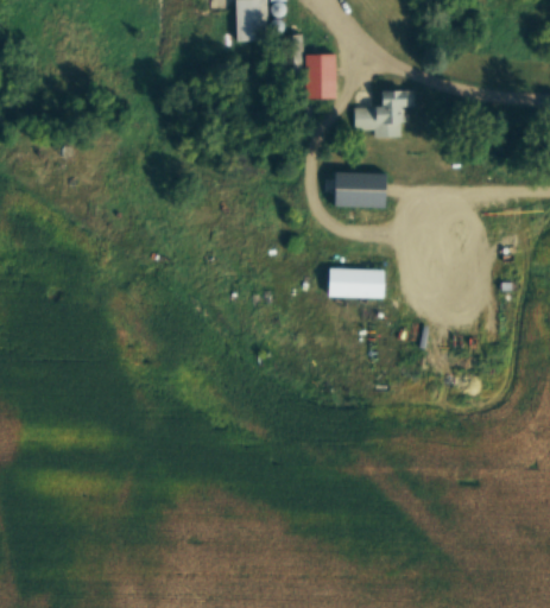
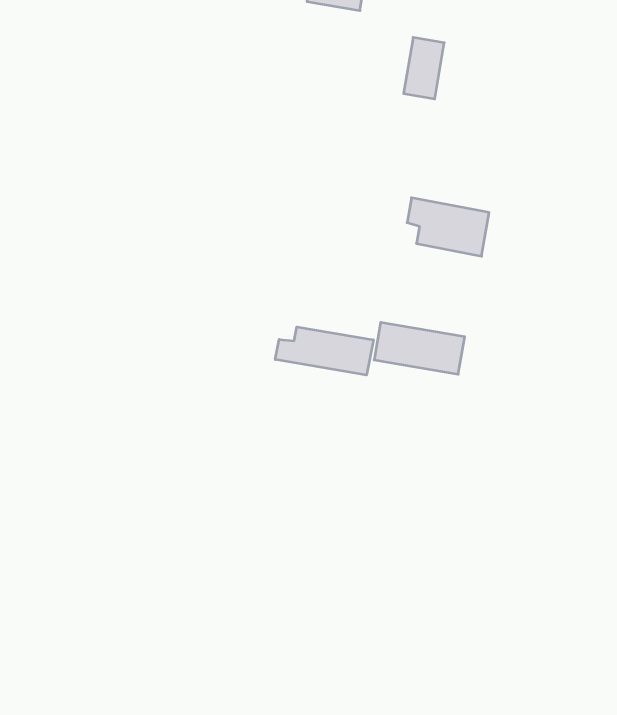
building: [349,90,413,137] -> none
building: none -> [275,327,373,375]

